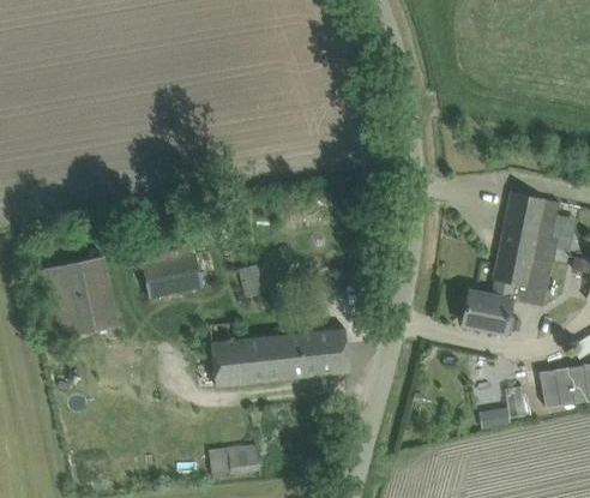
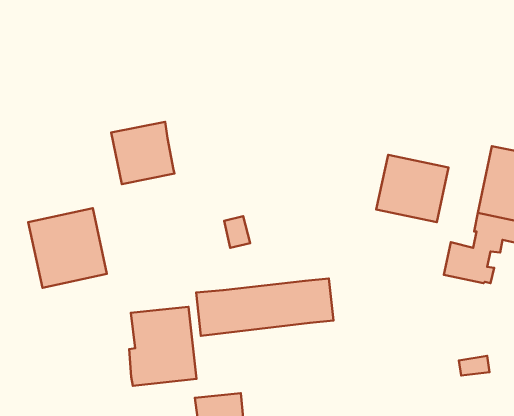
building: none -> [376,155,449,222]
building: [138,234,203,298] -> [111,122,175,184]
building: none -> [129,307,196,386]

